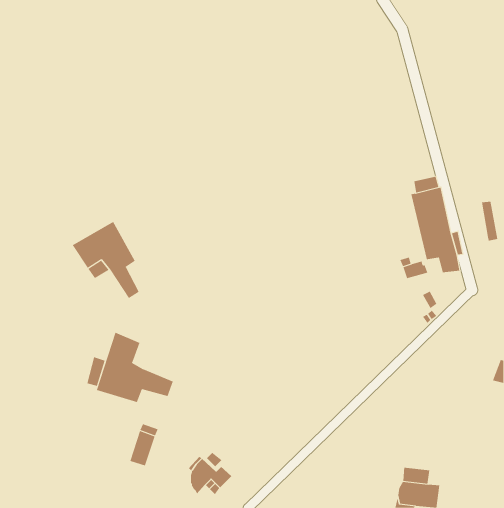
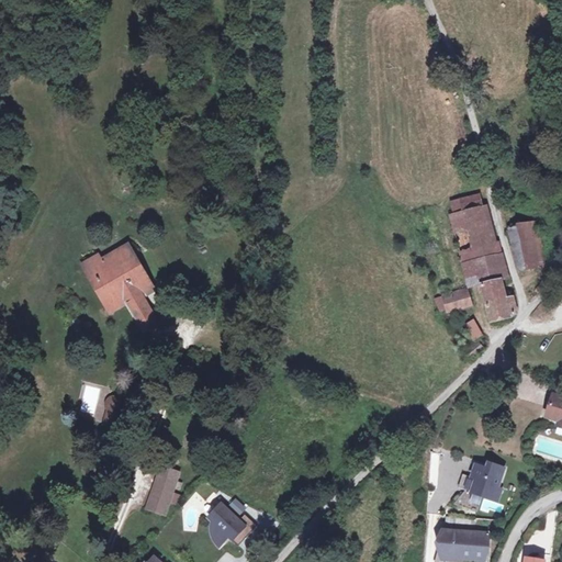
building: none -> [513,221,537,265]
building: none -> [487,299,518,319]
building: [96,332,173,403] -> none
building: none -> [472,463,504,502]

